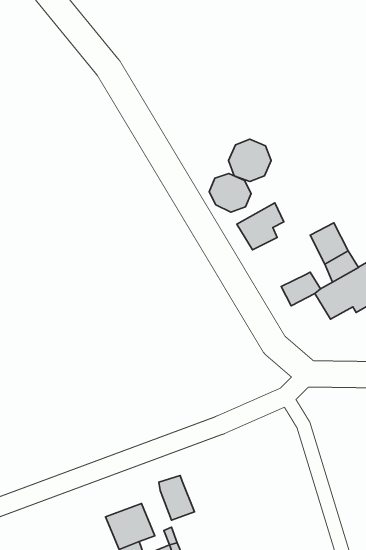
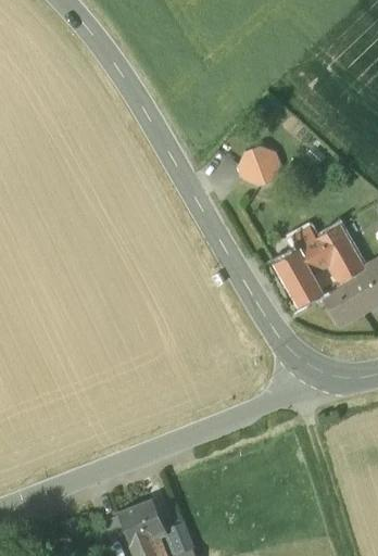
building: [209,174,251,212] -> none
building: [237,203,284,250] -> [274,243,319,289]
building: [159,476,194,520] -> none

